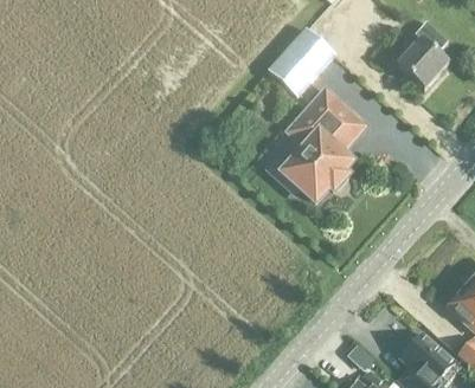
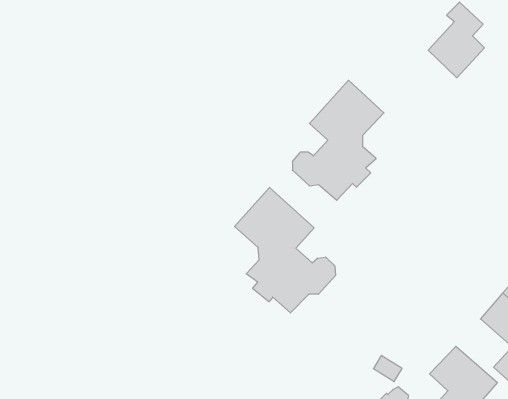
building: [270,28,335,96] -> none
building: none -> [235,187,335,313]

